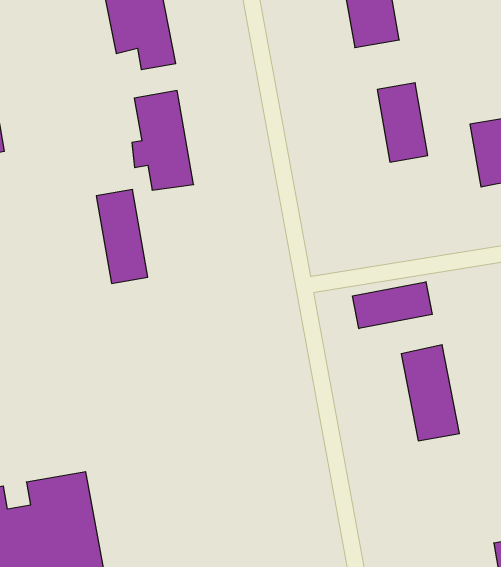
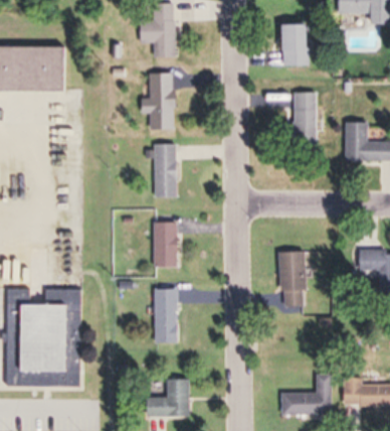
building: [96,190,148,283] -> [155,144,177,197]
building: [353,282,432,329] -> none
building: none -> [152,223,177,267]
building: none -> [154,289,179,342]

